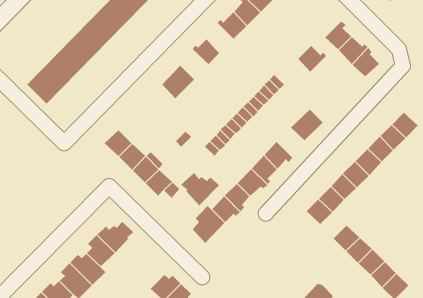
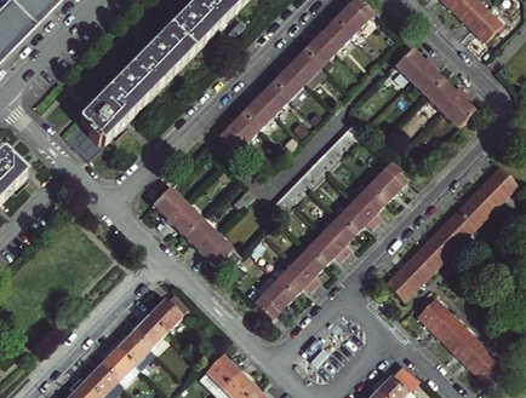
building: none -> [271,64,303,99]
building: [298,45,327,72] -> [394,50,428,81]
building: none -> [241,94,274,129]
building: none -> [353,185,385,220]
building: [180,172,220,206] -> none

